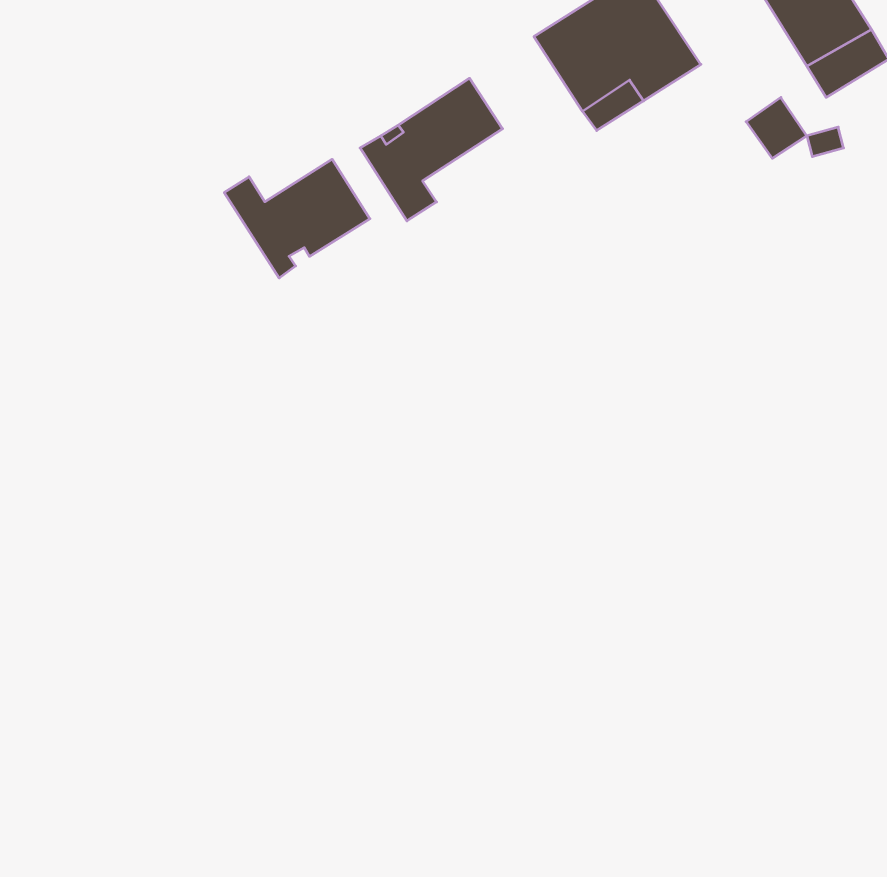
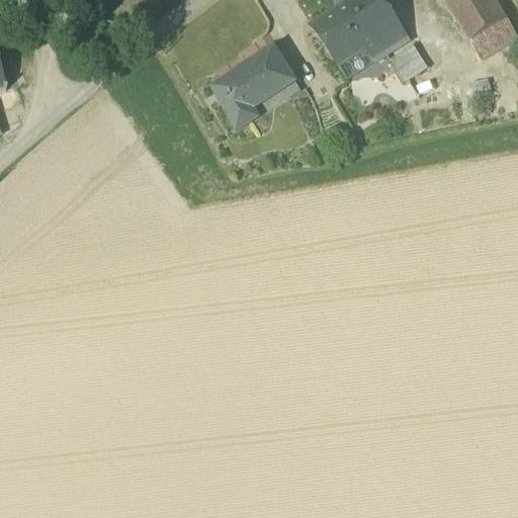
building: [746,97,807,158] -> [390,41,425,77]
building: [224,159,370,278] -> none

